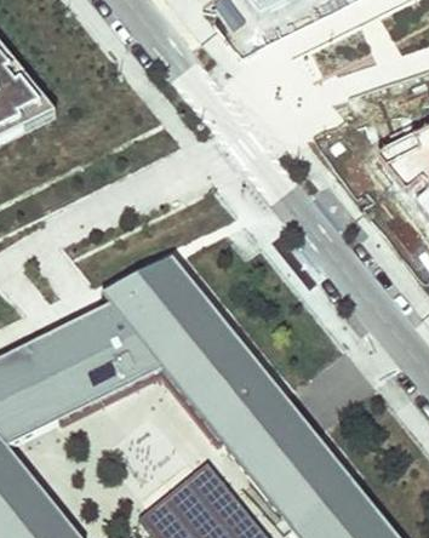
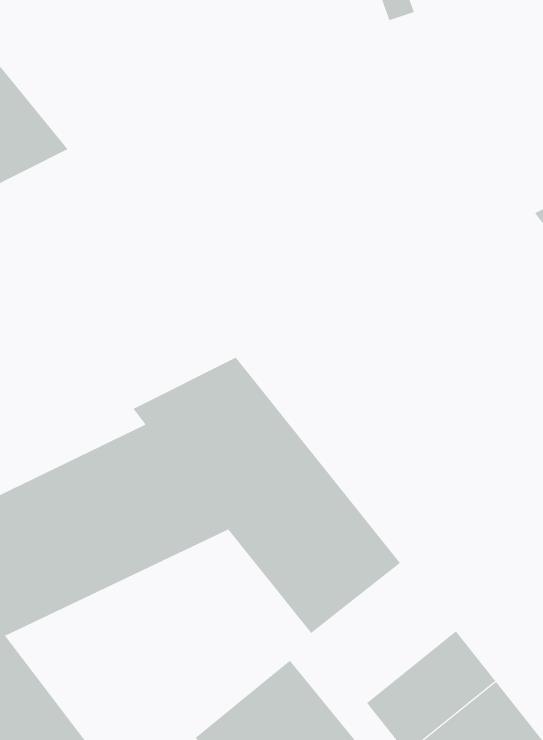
building: [224,399,326,497] -> none

